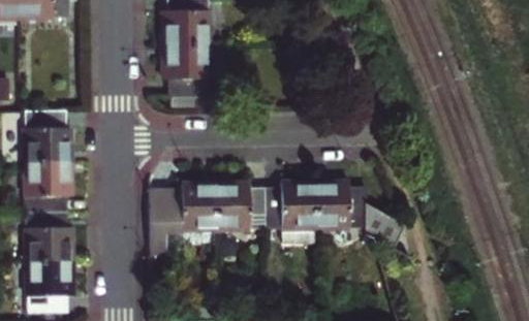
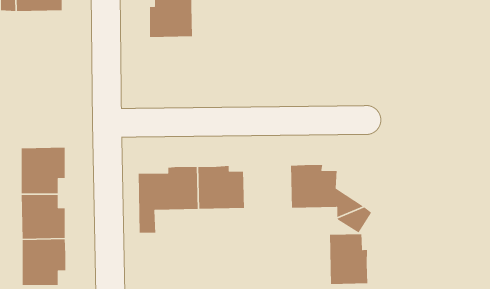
building: [163,45,210,97] -> none
building: [25,110,73,164] -> none
building: [264,183,315,229] -> none
building: none -> [329,234,368,285]

